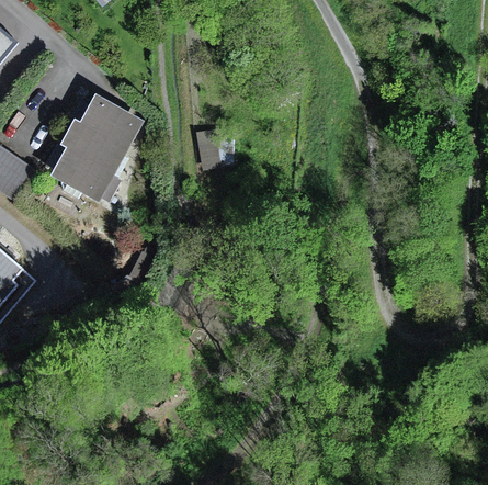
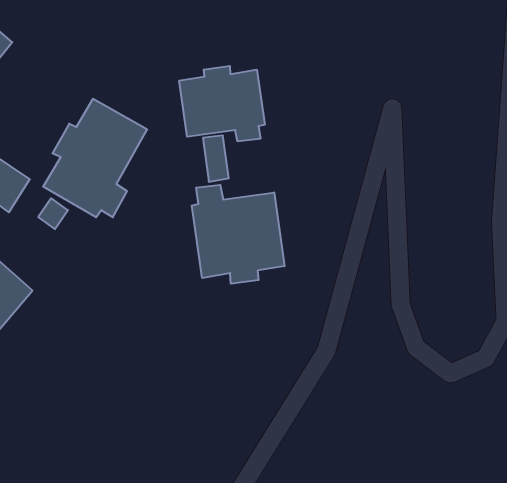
building: none -> [179,66,265,141]
building: none -> [192,185,284,284]

